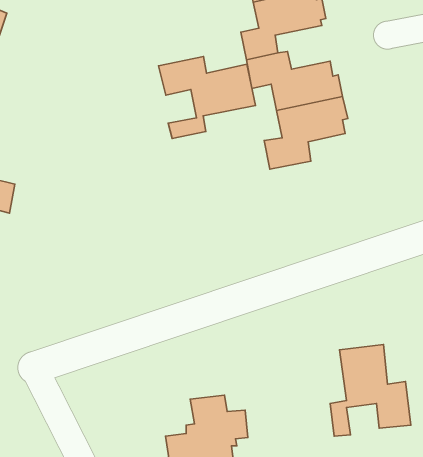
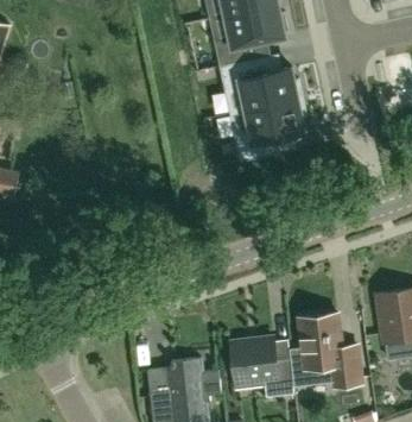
building: [158,56,255,138] -> none
building: none -> [229,336,293,397]

